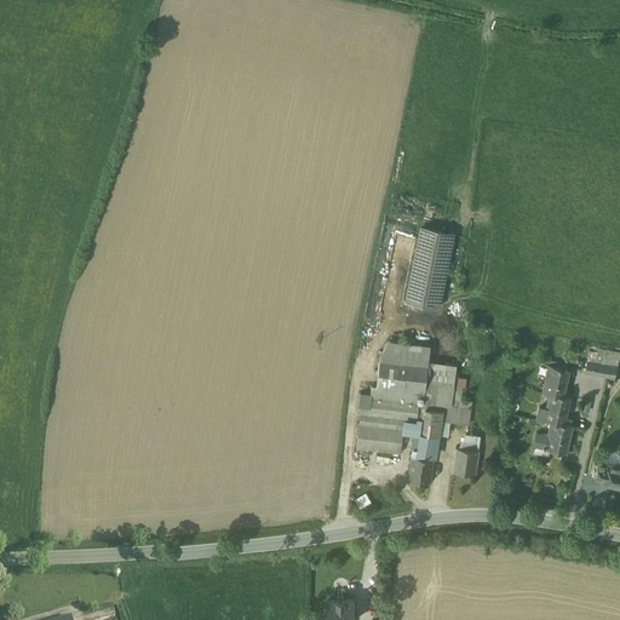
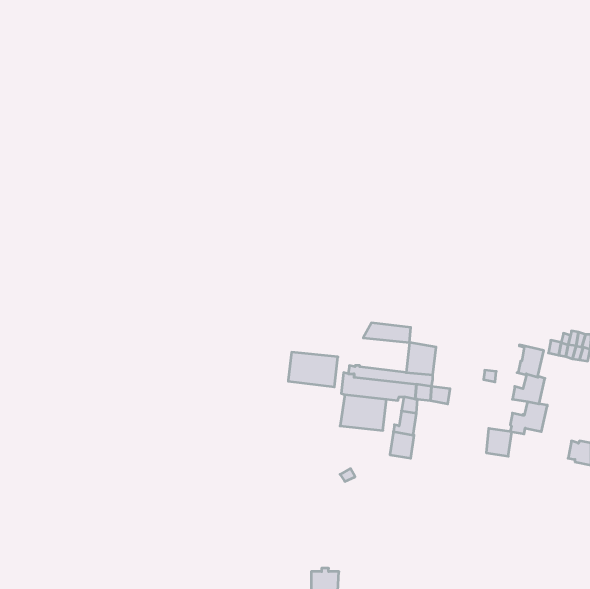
building: [407,228,455,306] -> none
building: [378,356,430,392] -> [288,352,338,387]
building: [454,447,481,476] -> [486,428,512,456]

